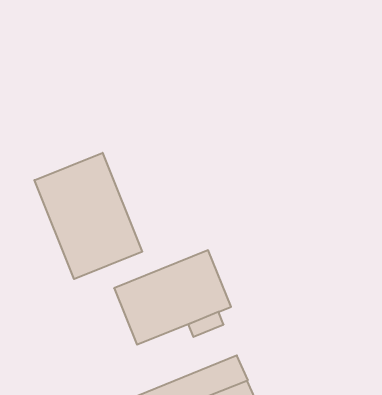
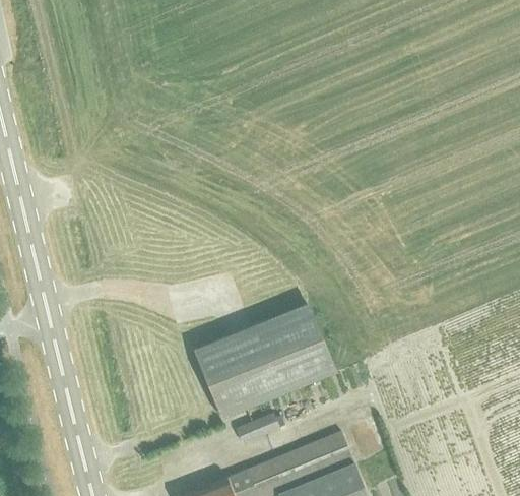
building: [34,153,142,279] -> none
building: [188,312,224,337] -> [237,413,279,443]

